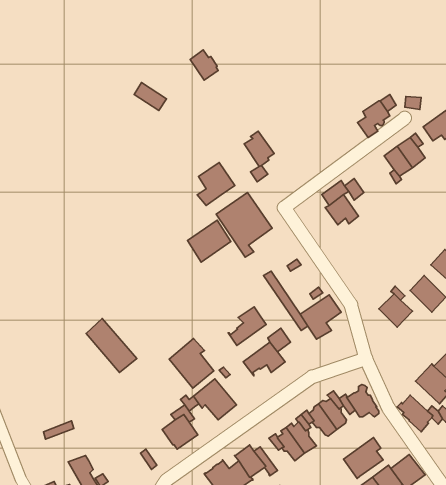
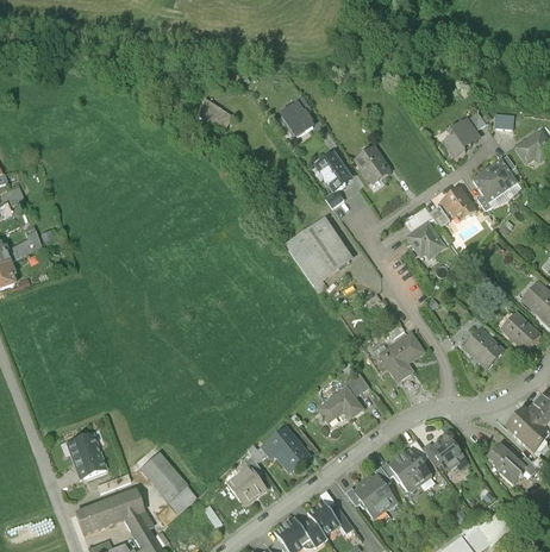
building: [190,50,218,80] -> [282,104,313,137]
building: none -> [356,146,388,181]
building: none -> [442,187,477,219]
building: [197,163,235,205] -> none
building: [187,220,231,262] -> none
building: [228,307,266,346] -> none
building: [86,319,137,372] -> [140,451,196,510]
building: [169,339,214,388] -> none
building: none -> [67,433,106,478]
building: none -> [76,490,143,533]
building: [344,437,383,478] -> none

